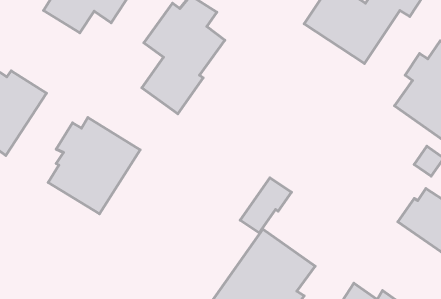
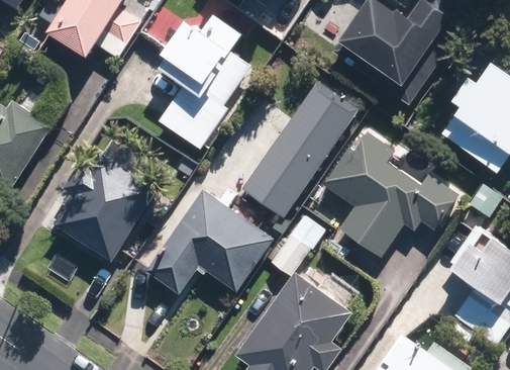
building: none -> [243,85,358,219]
building: none -> [322,134,460,260]
building: none -> [144,185,275,290]

